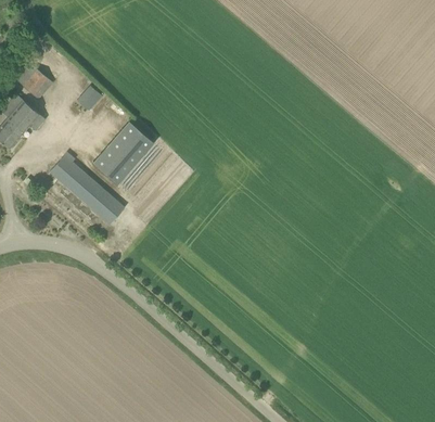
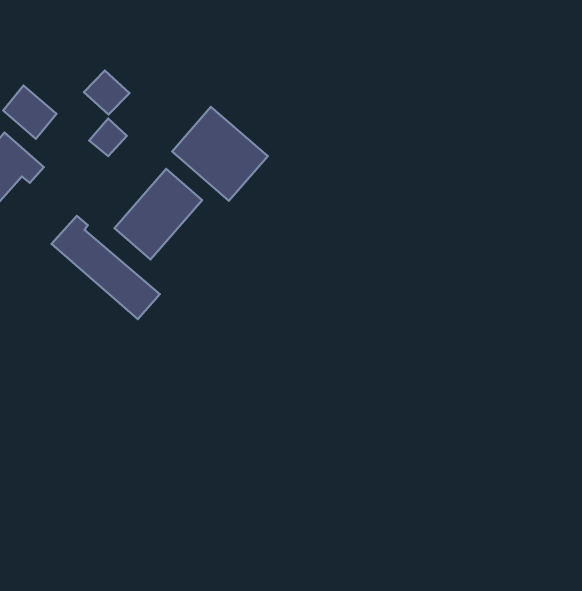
building: none -> [84,70,129,115]
building: none -> [172,107,268,201]

